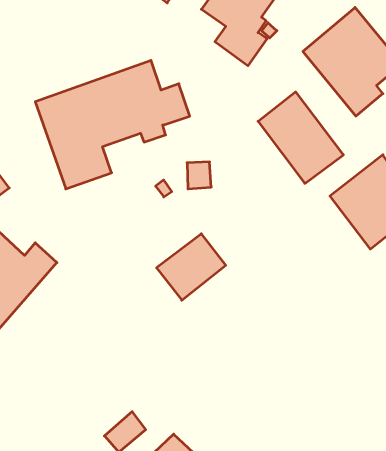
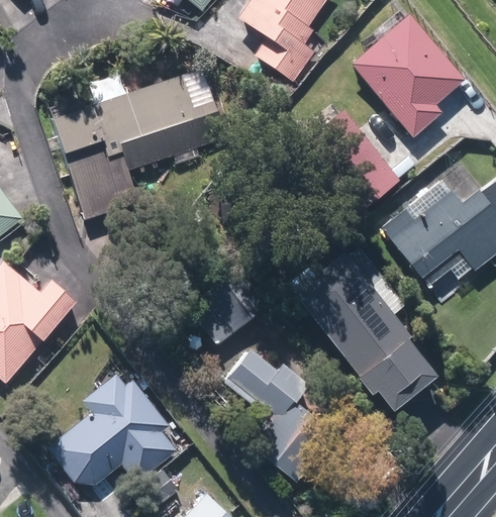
building: none -> [297,252,440,409]
building: none -> [227,348,333,482]
building: none -> [47,374,175,494]

